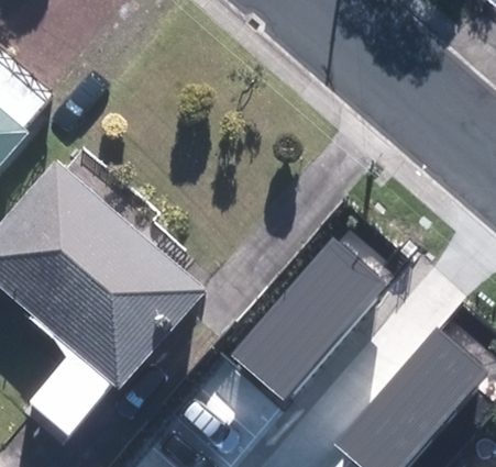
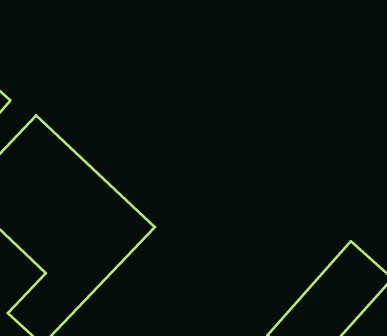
building: [241,227,396,389] -> none

